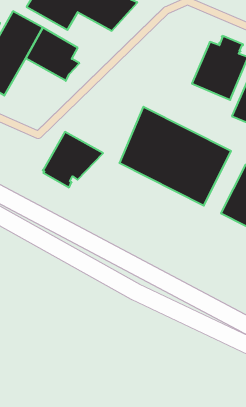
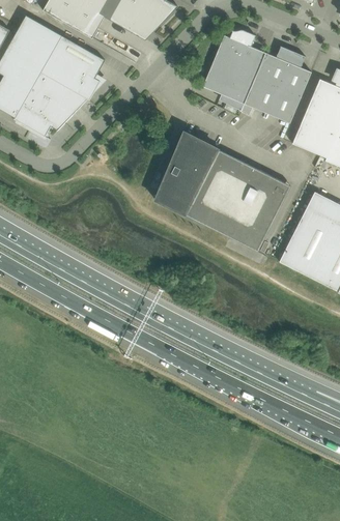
building: none -> [203,30,265,104]
building: [43,132,103,187] -> [15,73,88,140]

